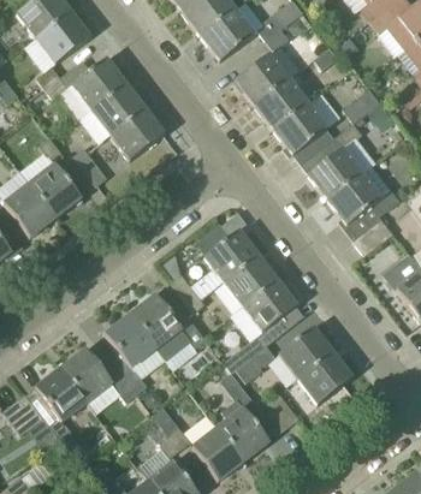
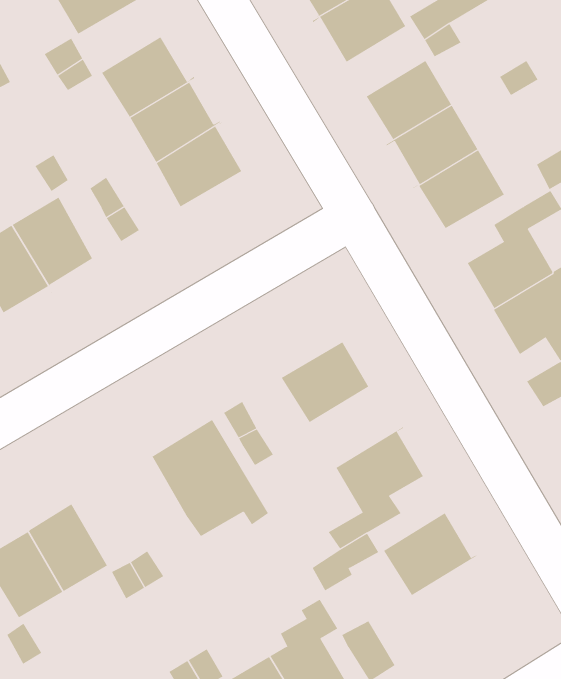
building: [223,251,280,306] -> none
building: [103,309,155,367] -> none
building: [297,349,351,404] -> none

